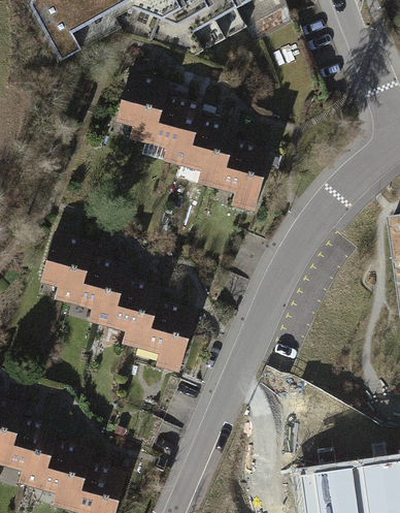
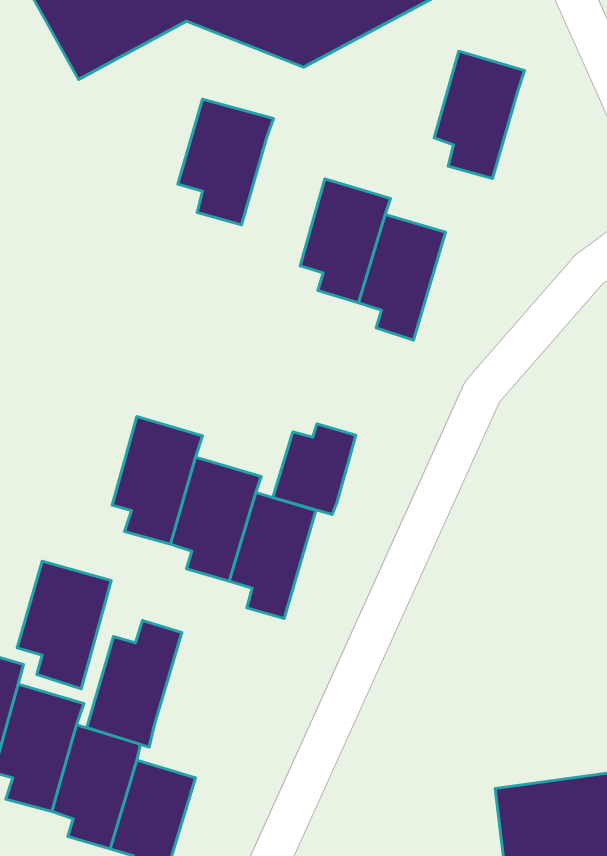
building: [153,94,205,168] -> [434,51,524,179]
building: [40,233,95,308] -> [17,561,111,689]
building: none -> [273,424,356,515]
building: none -> [87,621,182,747]

